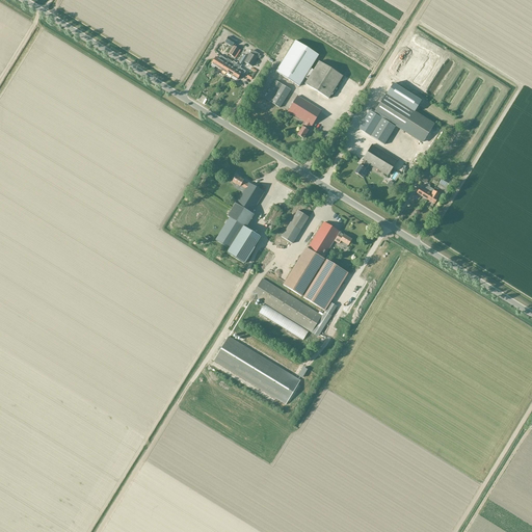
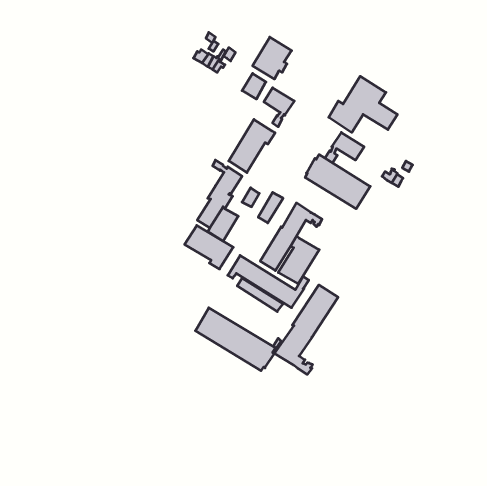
building: [304,61,342,98] -> none
building: none -> [229,119,275,173]
building: none -> [305,155,370,209]
building: none -> [185,225,233,269]
building: none -> [274,285,338,374]

